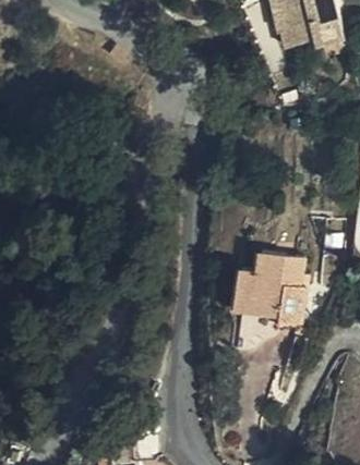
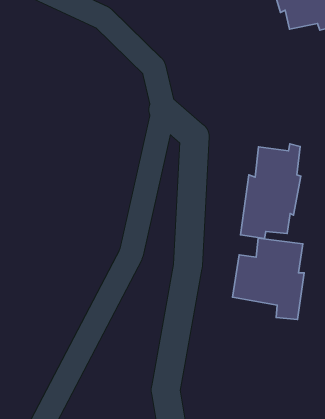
building: none -> [240,144,301,239]

